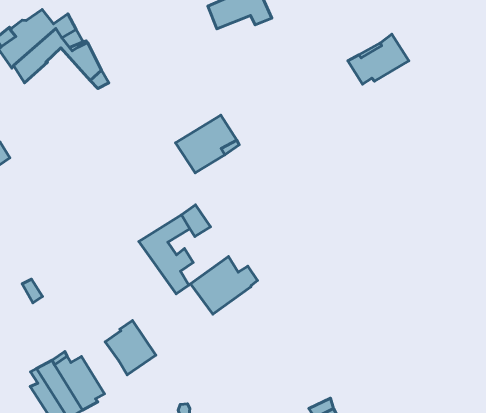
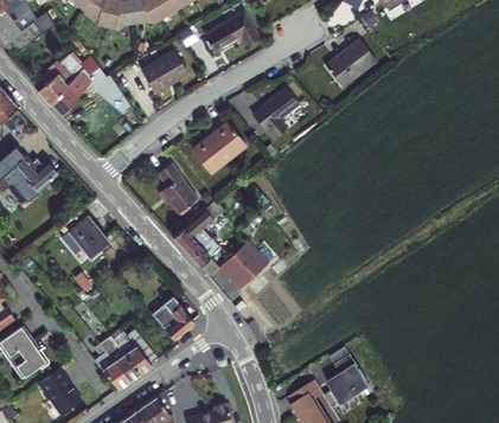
building: none -> [139,50,186,92]
building: none -> [251,88,295,137]
building: none -> [155,161,197,212]
building: none -> [60,212,109,258]

